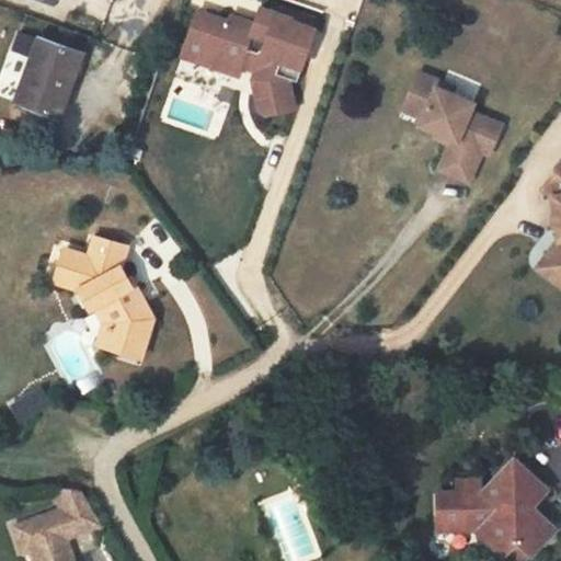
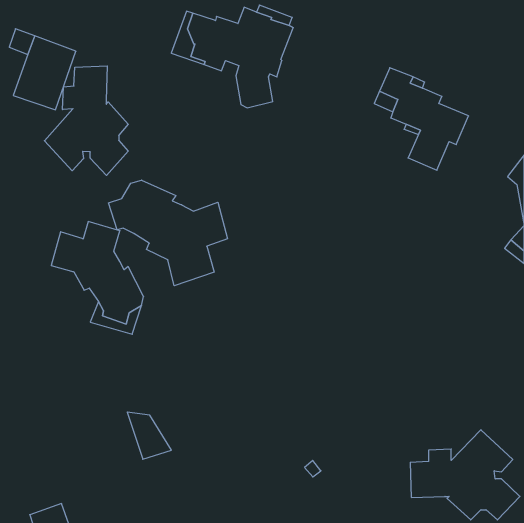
building: none -> [44,66,128,175]
building: none -> [108,180,227,286]
building: [56,486,103,537] -> [127,412,171,459]
building: [16,514,66,553] -> none

